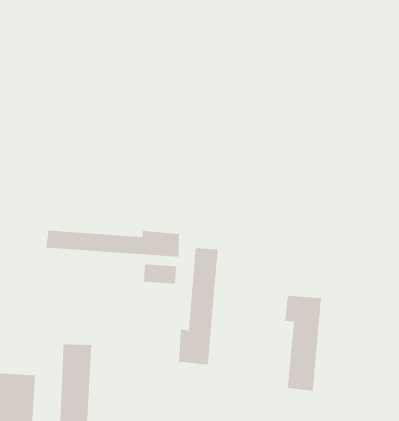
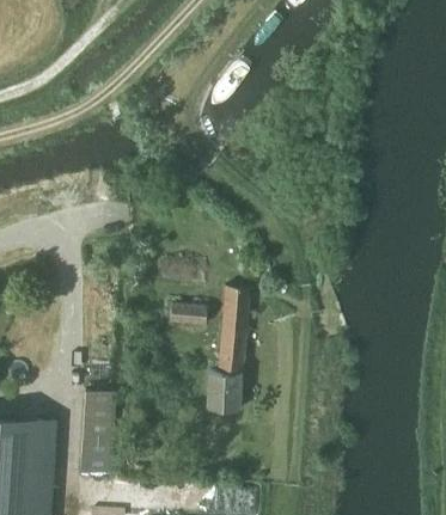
building: [46,230,180,257] -> none
building: [285,295,321,391] -> none

